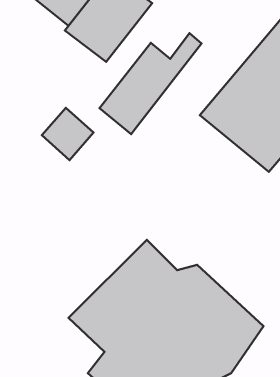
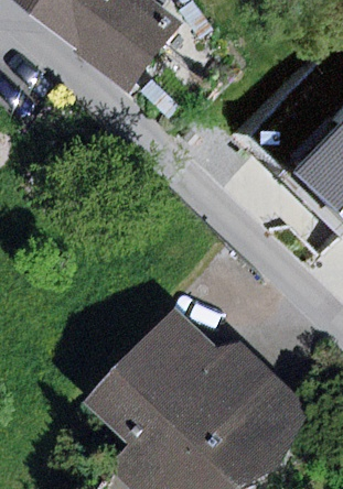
building: [100,33,202,134] -> none

